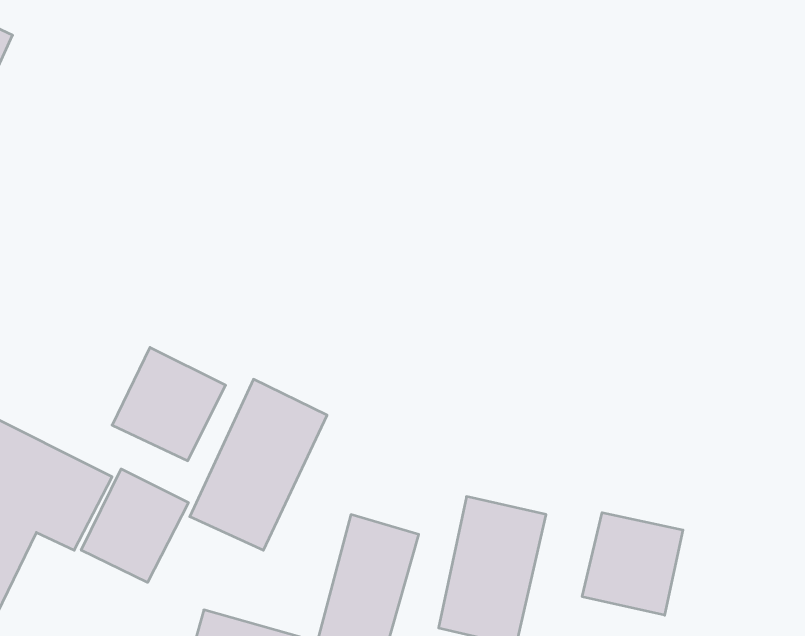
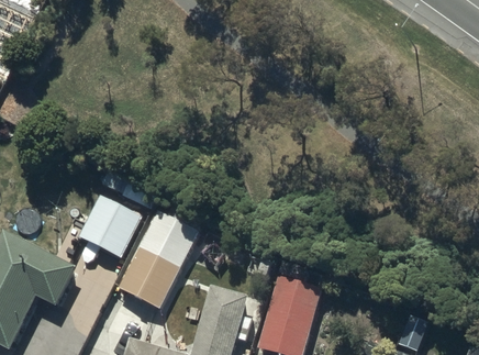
building: [81,469,188,582] -> none
building: [582,513,683,615] -> none

